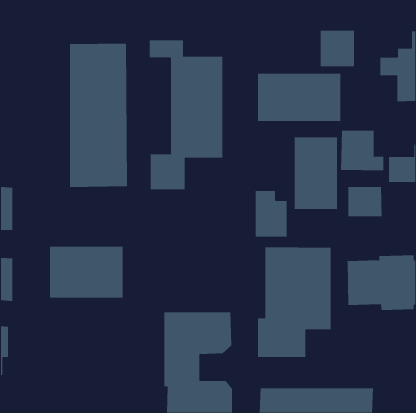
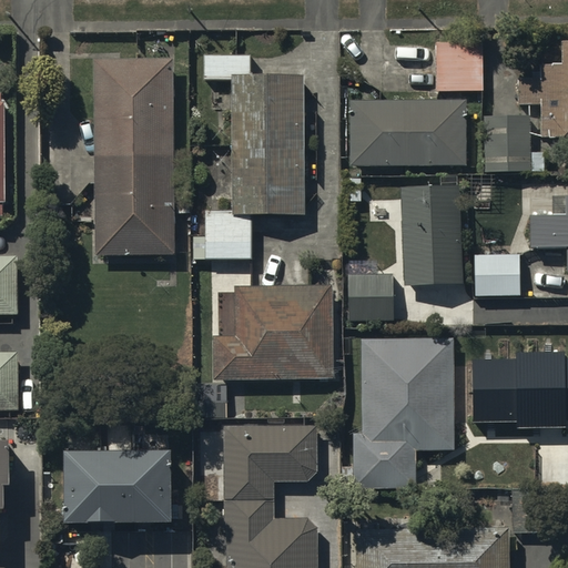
building: [340,130,384,171] -> [484,115,544,171]
building: none -> [213,284,331,379]
building: [49,246,123,298] -> [67,455,168,526]

